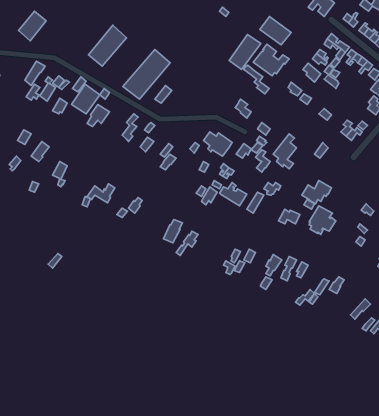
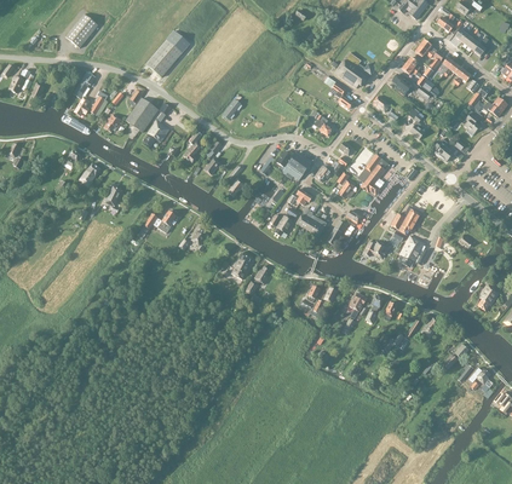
building: [260,16,291,45] -> none
building: [229,35,261,69] -> none
building: [123,50,170,99] -> none

